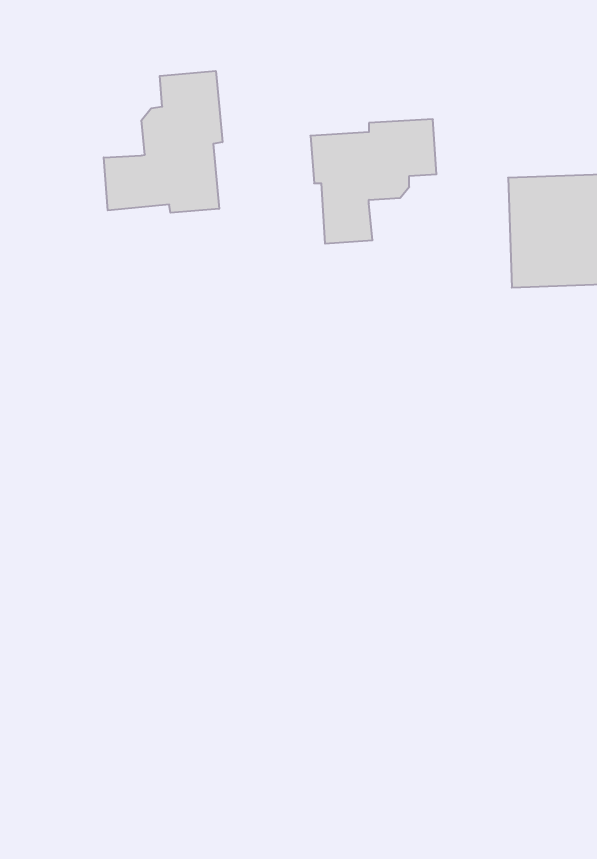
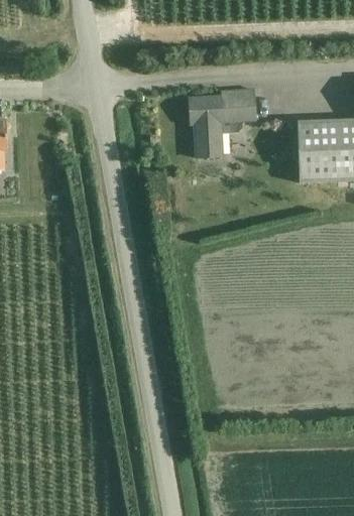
building: [104,71,222,213] -> none

